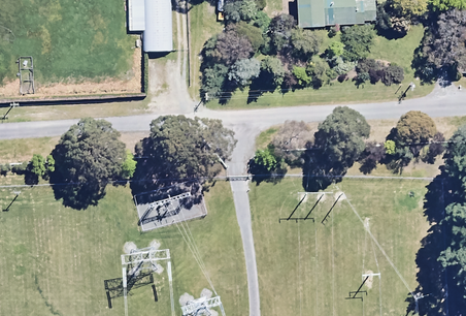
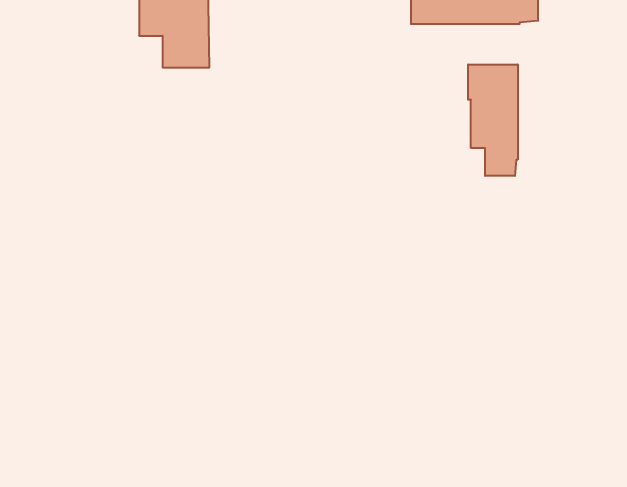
building: none -> [468,64,518,176]

